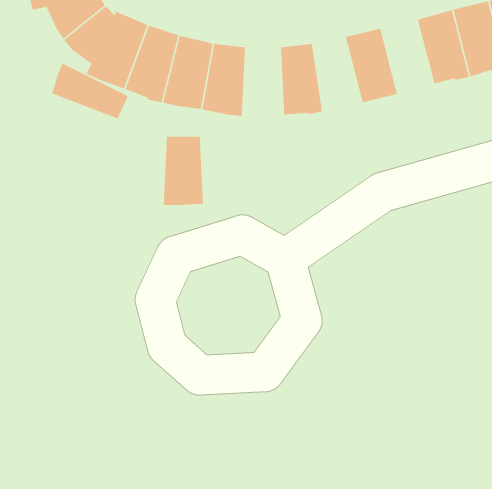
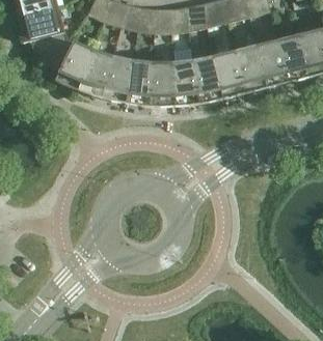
building: none -> [234,46,266,91]
building: none -> [192,56,222,102]
building: [51,63,129,119] -> none
building: [163,136,204,206] -> [150,62,174,105]

